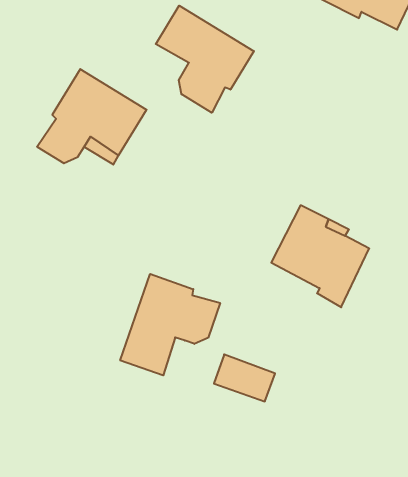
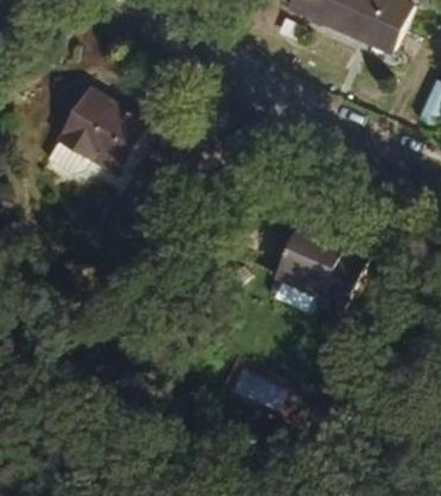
building: [156,6,254,113] -> none
building: [120,274,220,375] -> none

